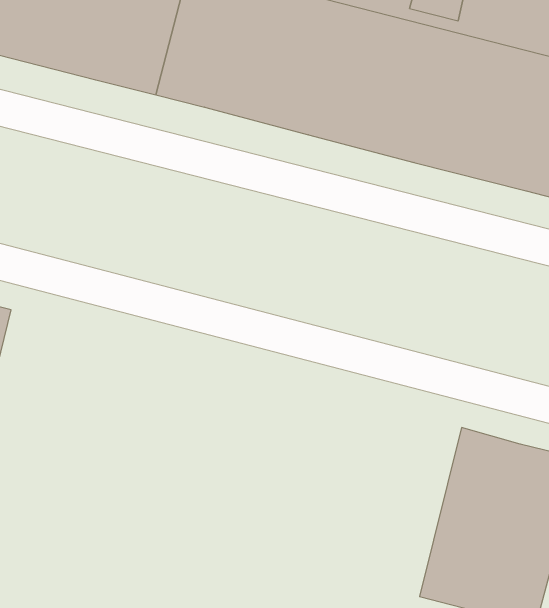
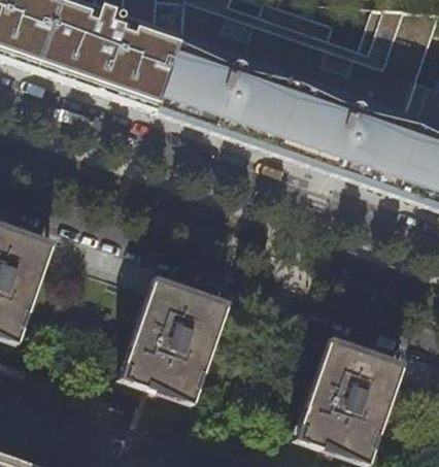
building: none -> [121,275,229,405]

